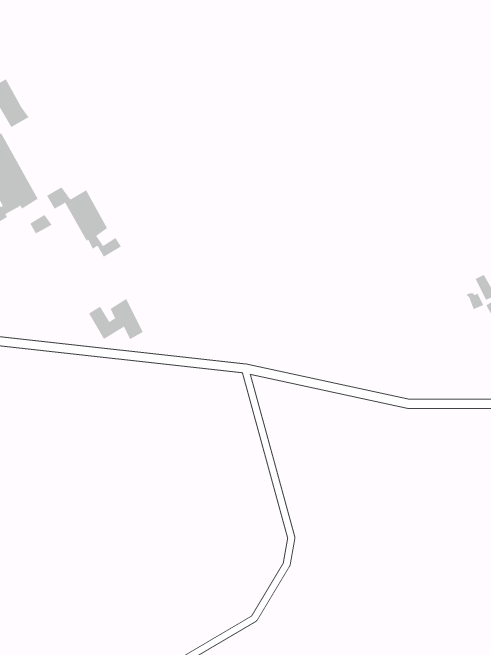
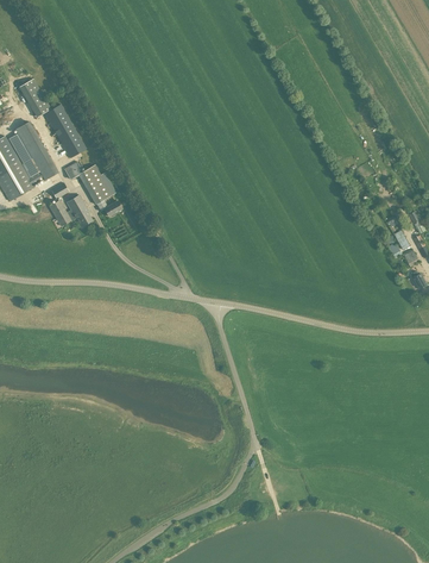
building: none -> [44,104,86,157]
building: [88,298,144,340] -> [49,194,92,226]

